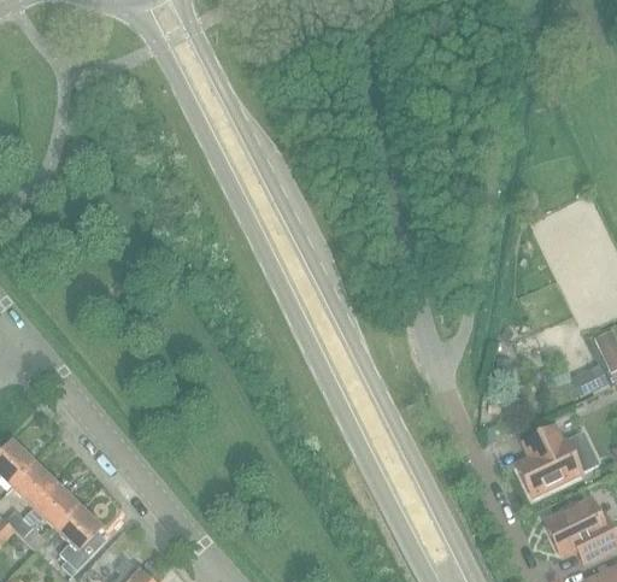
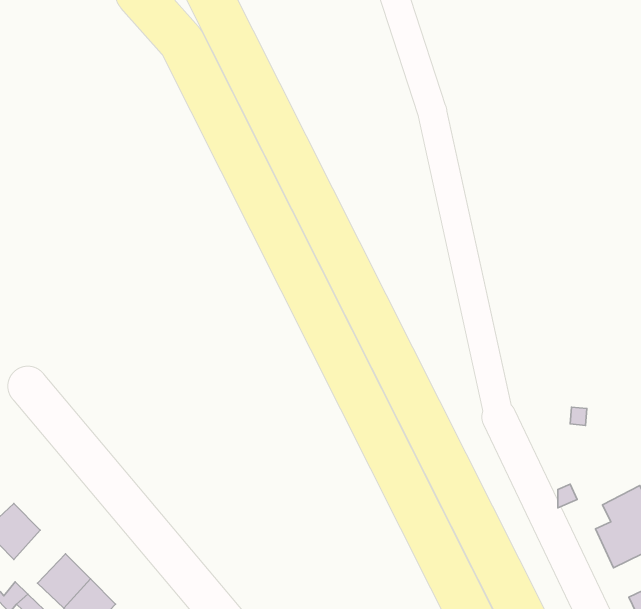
building: [14,463,59,508] -> none

